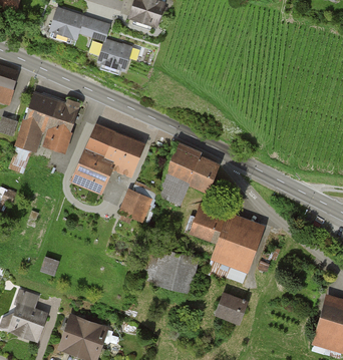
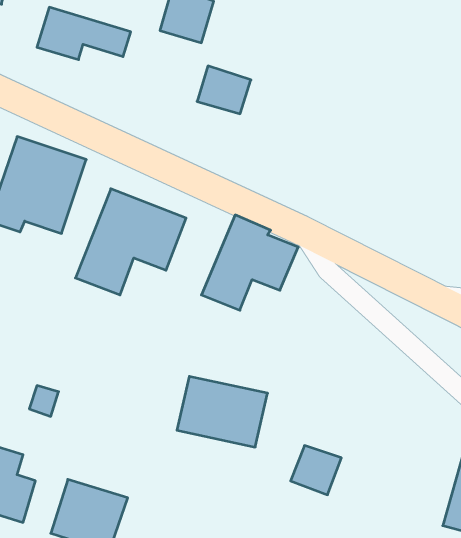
building: [95,39,130,70] -> [197,66,251,114]
building: [118,188,151,222] -> none
building: [189,207,265,273] -> none

